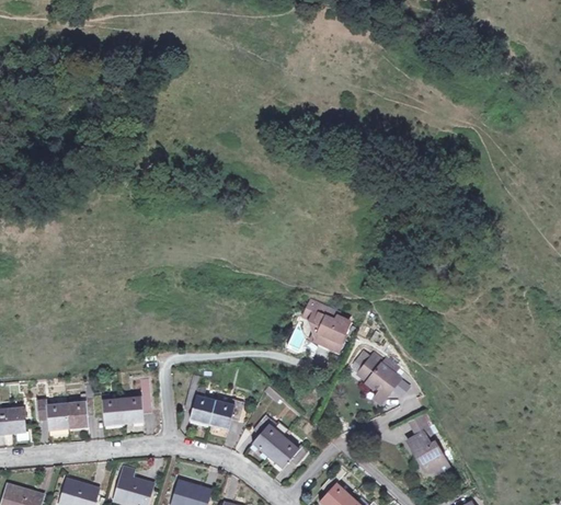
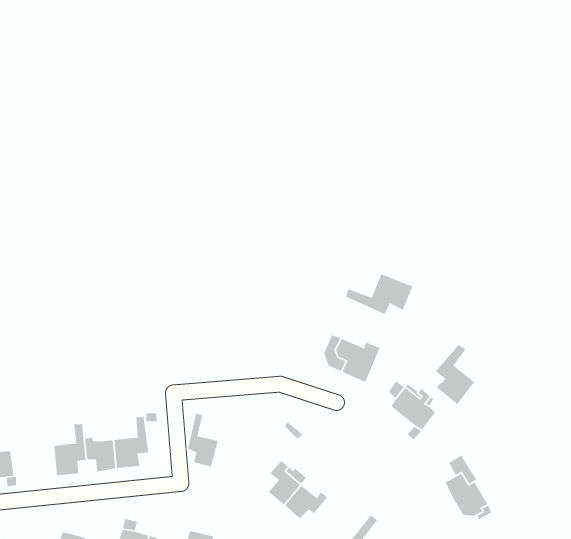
building: none -> [345,273,413,315]
building: none -> [435,344,475,405]
building: [201,401,238,431] -> none
building: [34,403,61,435] -> none

